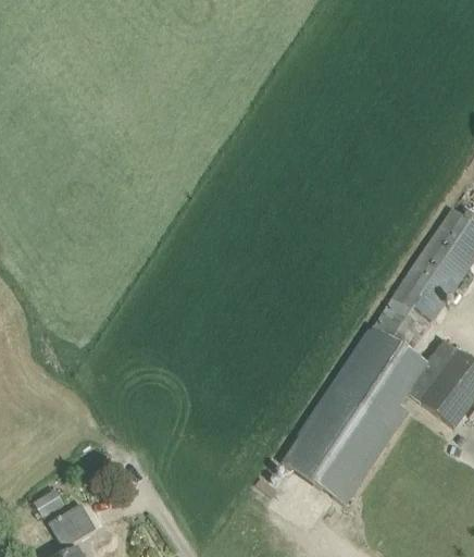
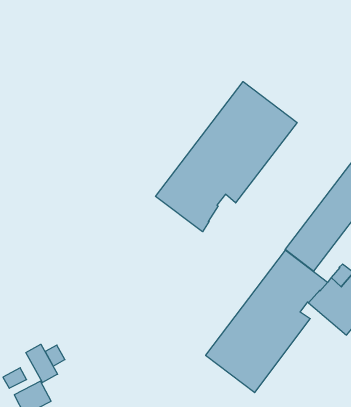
building: none -> [156,82,297,232]
building: none -> [26,344,58,383]

